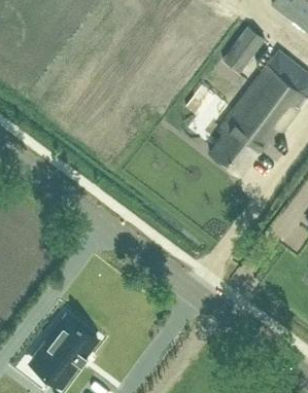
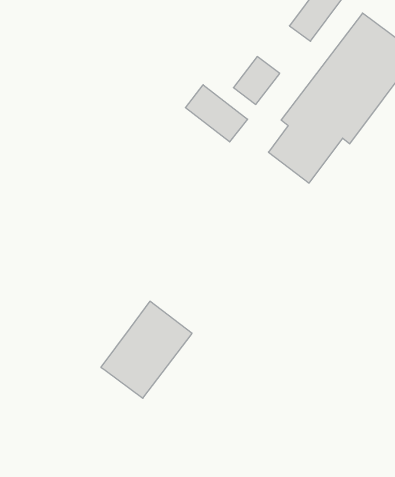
building: none -> [185,85,248,142]
building: [32,314,99,385] -> [101,301,192,398]

